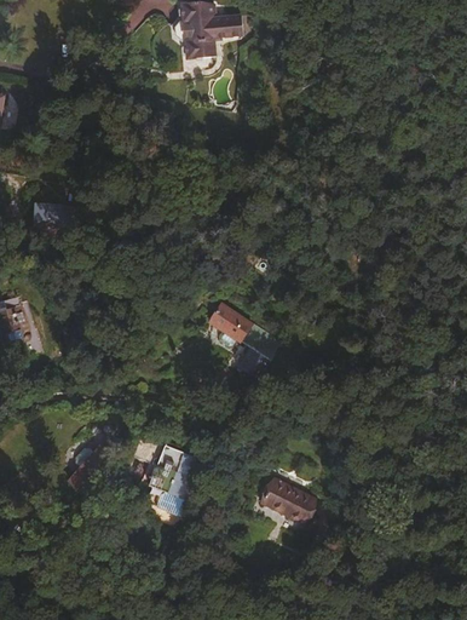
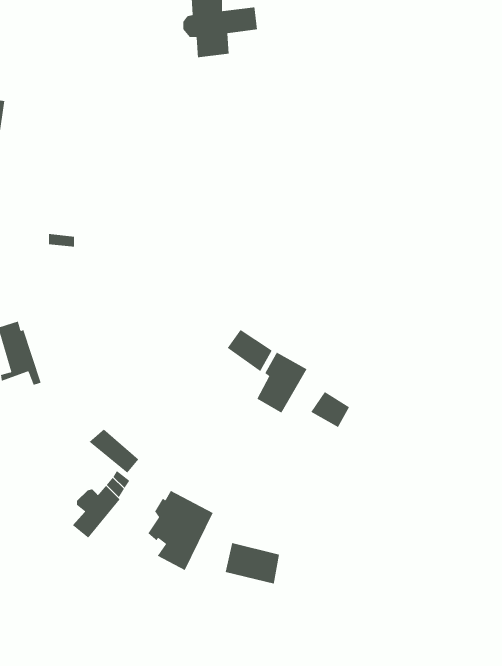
building: none -> [310,391,350,428]
building: none -> [88,428,139,474]
building: [264,472,313,510] -> [225,543,280,584]

